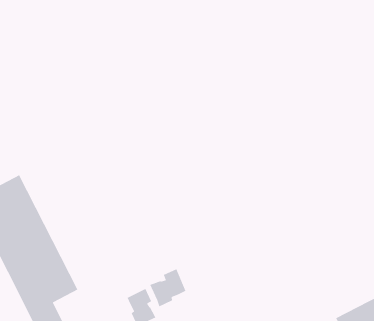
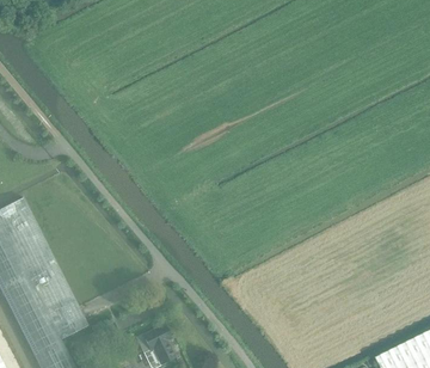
building: [149,268,187,307] -> none

